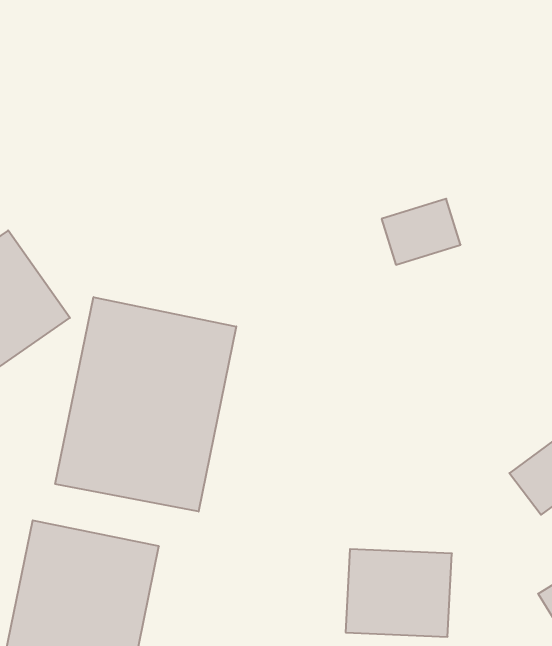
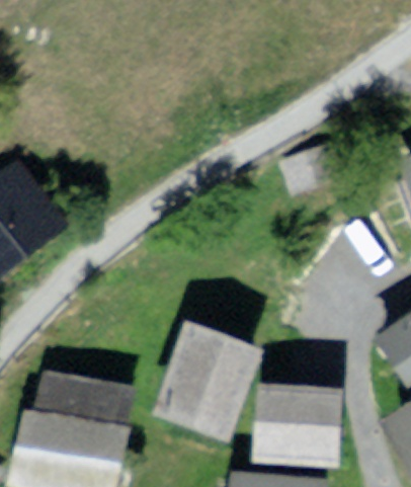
building: [55,297,236,512] -> none
building: none -> [166,326,258,427]

